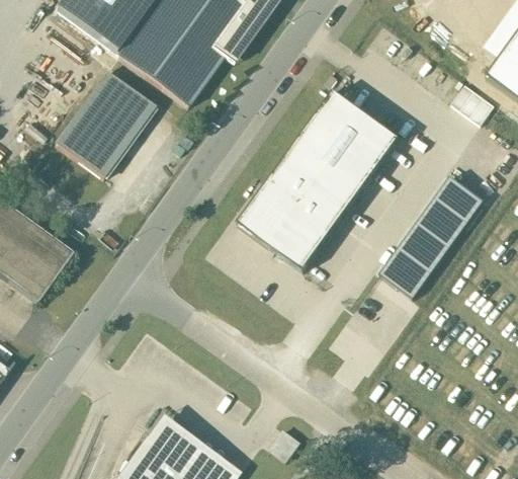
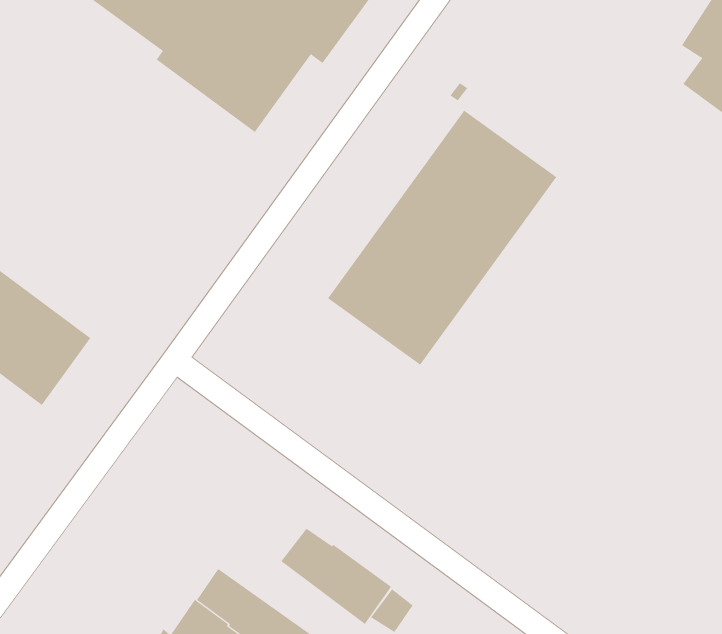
building: [54,70,156,177] -> none
building: [377,173,483,295] -> none
building: none -> [281,528,392,625]

